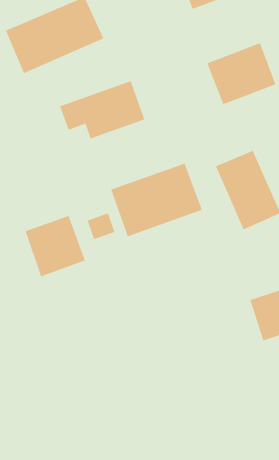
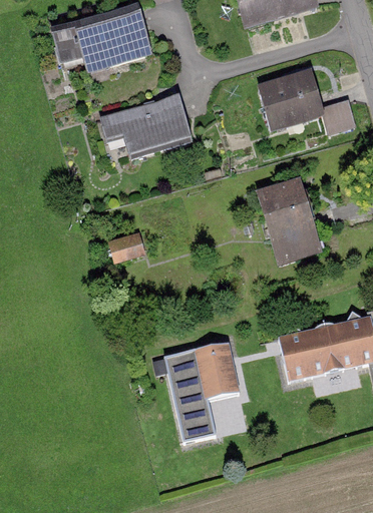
building: [111,163,203,237] -> none
building: [25,215,86,277] -> none
building: none -> [162,341,249,445]

